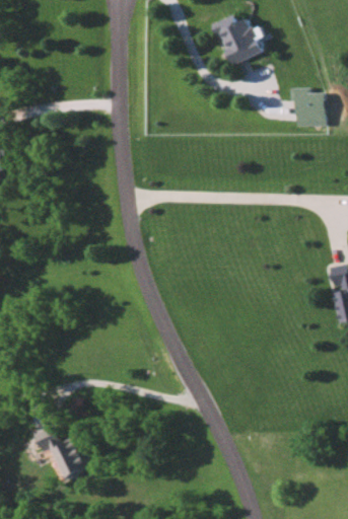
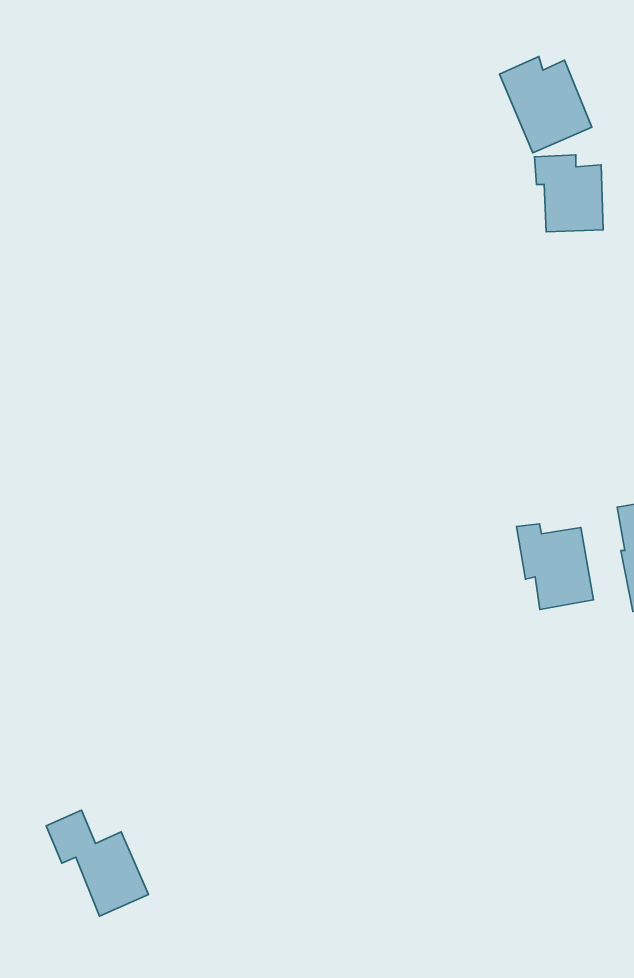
building: [213,16,261,66] -> [499,56,592,153]
building: none -> [517,524,593,610]

